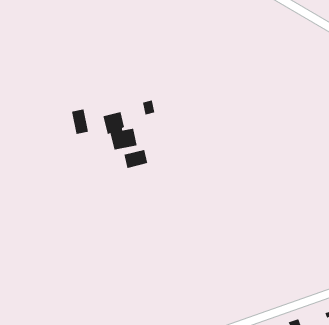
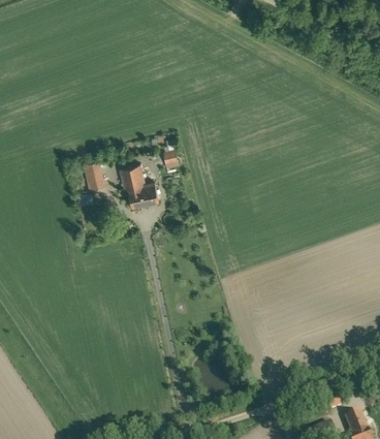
building: [124,149,148,169] -> none

